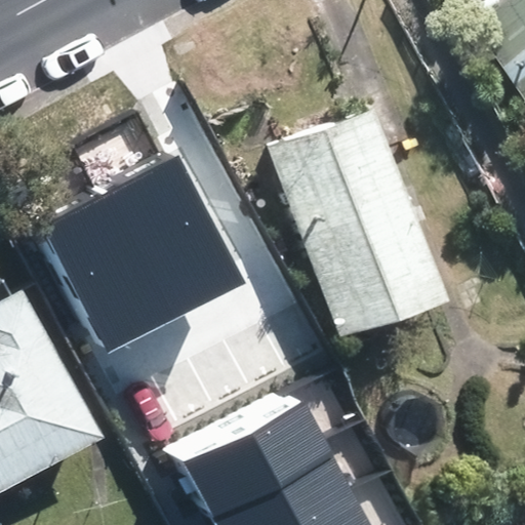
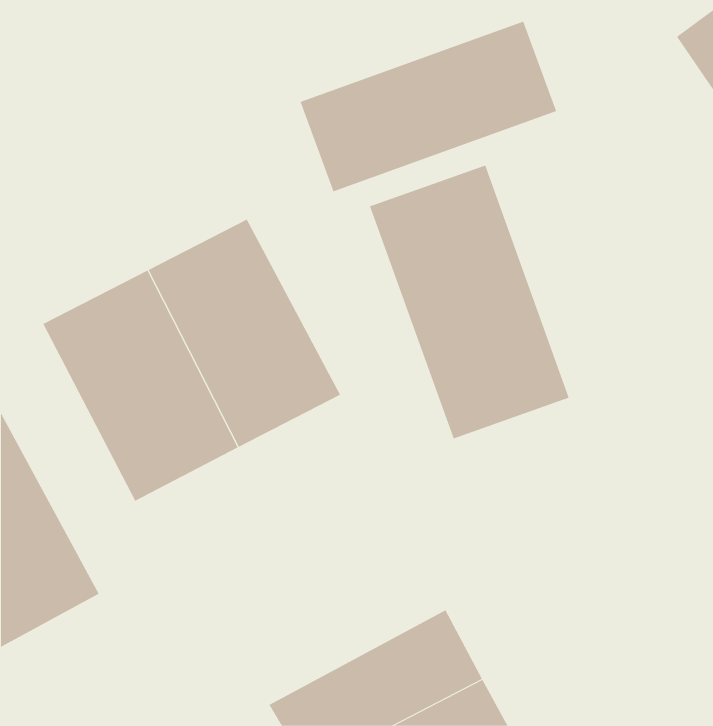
building: none -> [300,21,557,192]
building: [171,380,331,509] -> none

